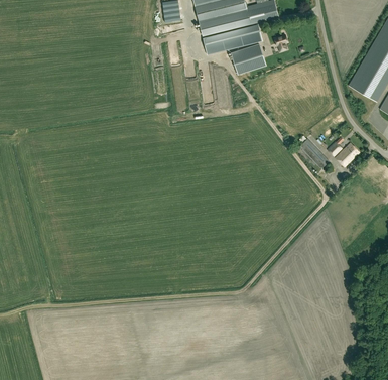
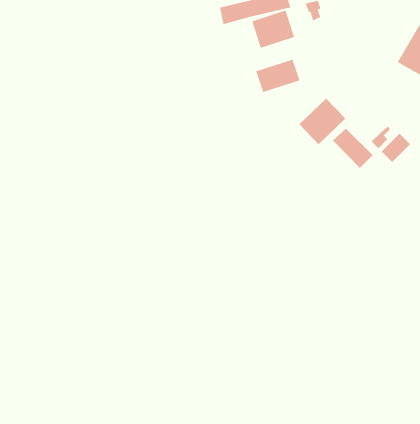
building: none -> [256,59,300,93]
building: none -> [298,98,346,145]

